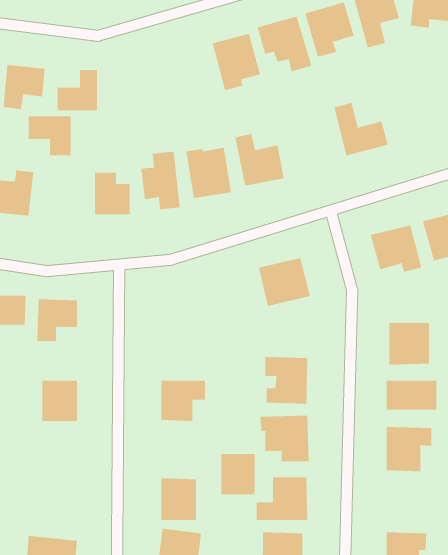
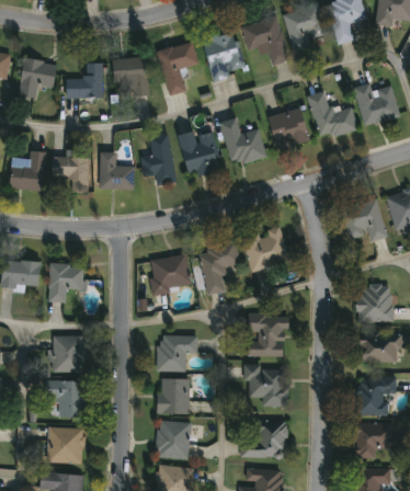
building: none -> [157,43,197,96]
building: none -> [112,58,147,98]
building: none -> [354,83,399,126]
building: [28,116,72,156] -> [53,158,91,193]
building: none -> [267,109,310,150]
building: none -> [198,242,240,295]
building: none -> [148,255,191,294]
building: none -> [49,380,84,418]
building: [221,454,256,495] -> [158,378,189,414]
building: none -> [352,424,394,457]
building: none -> [47,427,82,464]

